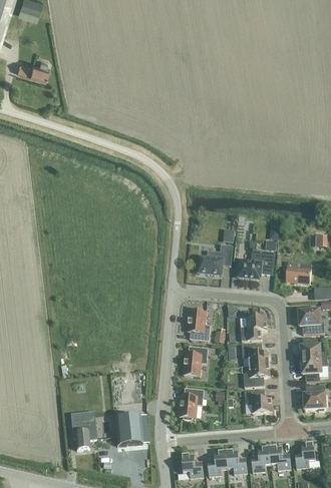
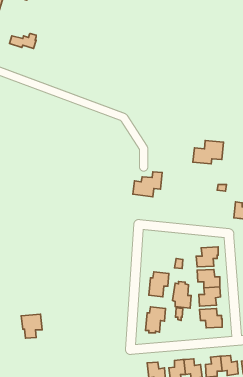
building: [197,245,232,275] -> [133,172,162,197]
building: [237,251,274,279] -> [193,140,224,164]
building: [187,308,209,340] -> [173,281,191,308]
building: [114,415,141,445] -> none
building: [70,420,95,449] -> [21,314,42,338]

